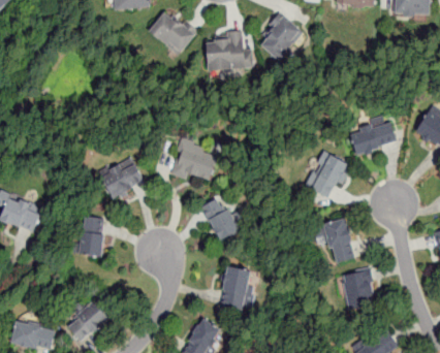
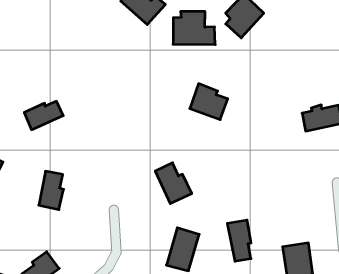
building: [177,140,216,176] -> [190,84,228,120]
building: [305,150,345,196] -> none
building: [101,163,143,195] -> [24,101,63,130]
building: [325,218,353,262] -> [227,220,251,261]

